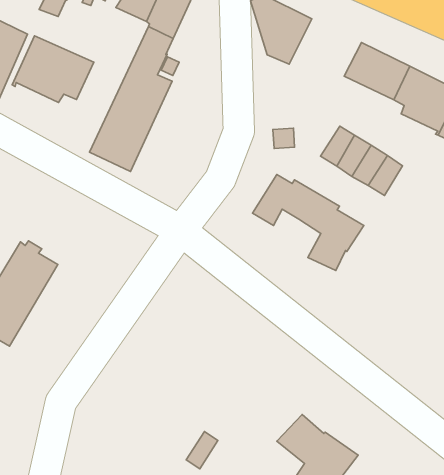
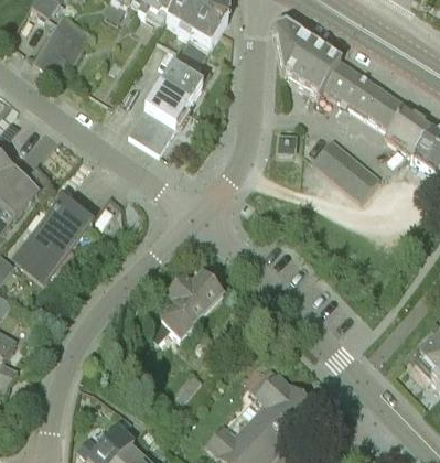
building: none -> [299,49,359,98]
building: [12,36,94,103] -> none
building: [253,175,364,271] -> none
building: none -> [142,270,223,338]

